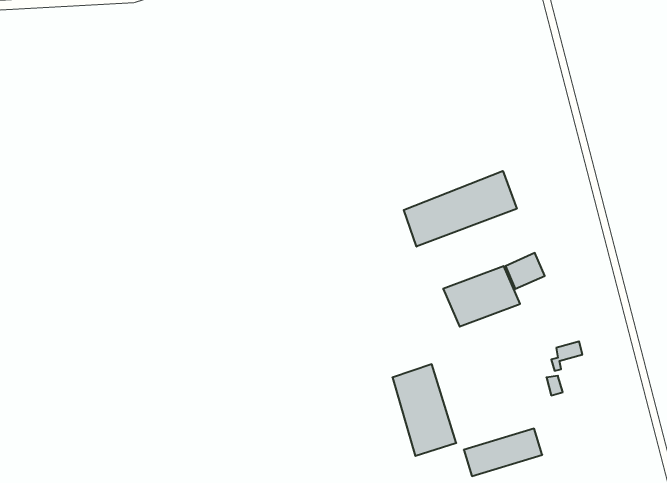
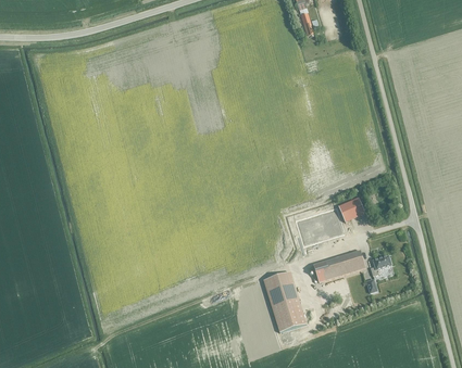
building: [404,171,517,247] -> none
building: [464,429,542,476] -> [313,251,365,282]

